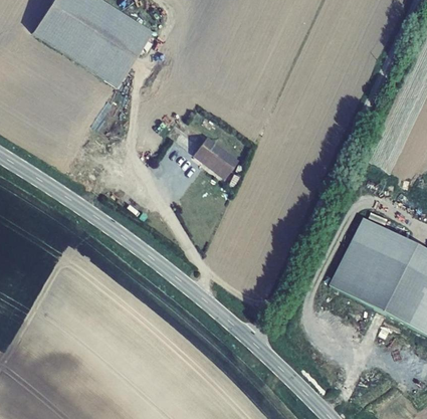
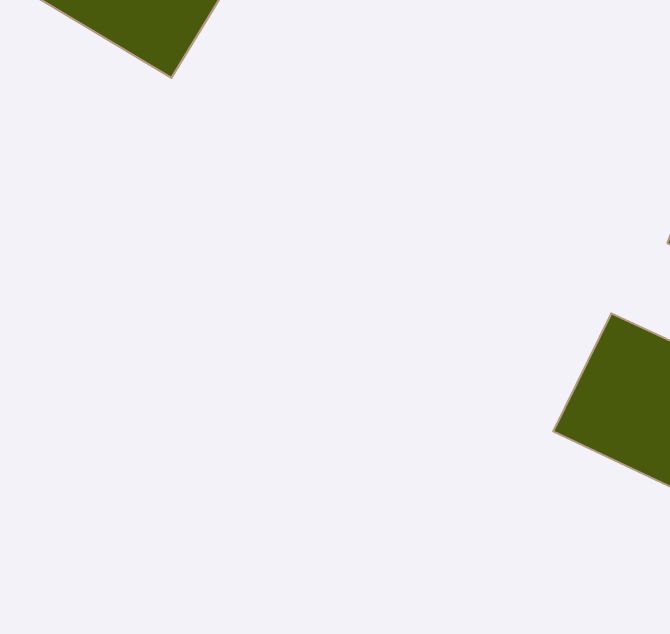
building: [193,136,238,176] -> none

